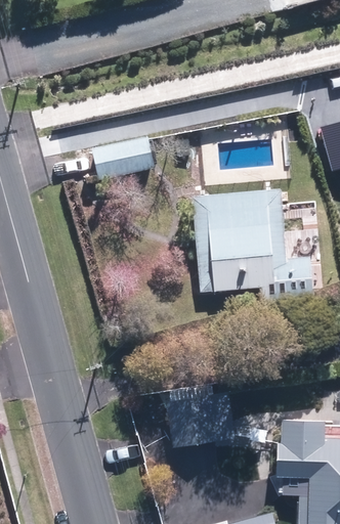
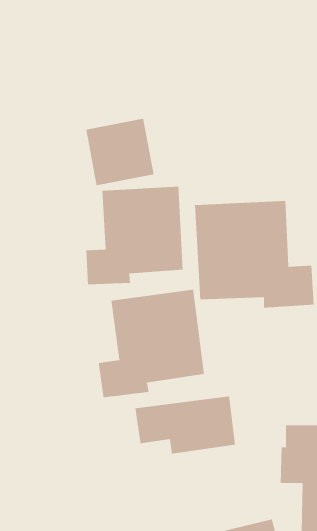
building: none -> [86,186,183,285]
building: none -> [98,289,205,398]

